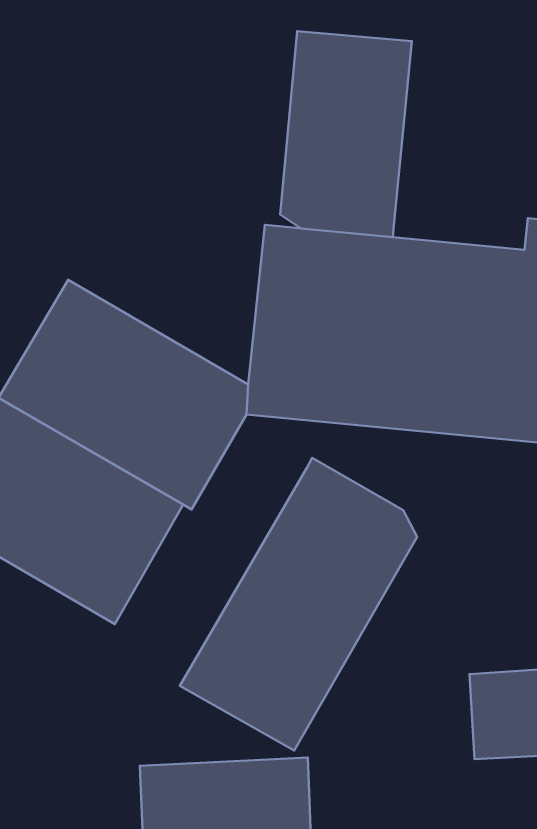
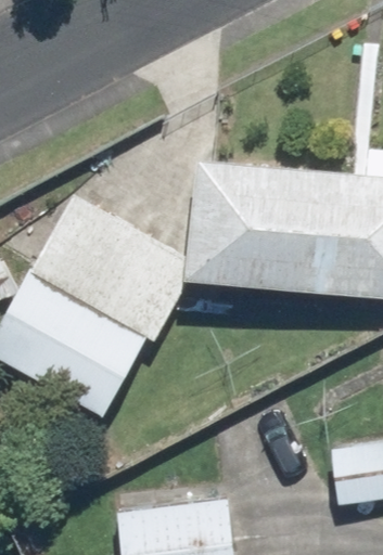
building: [280,31,412,237] -> none
building: [180,458,417,750] -> none

